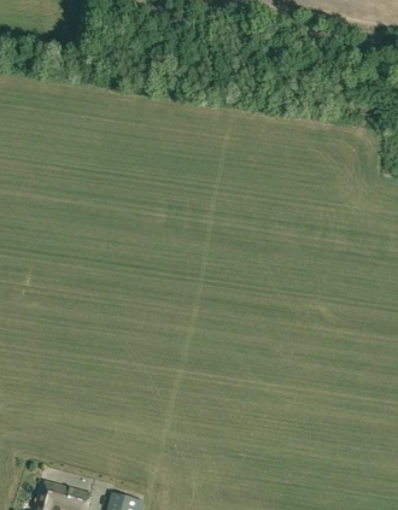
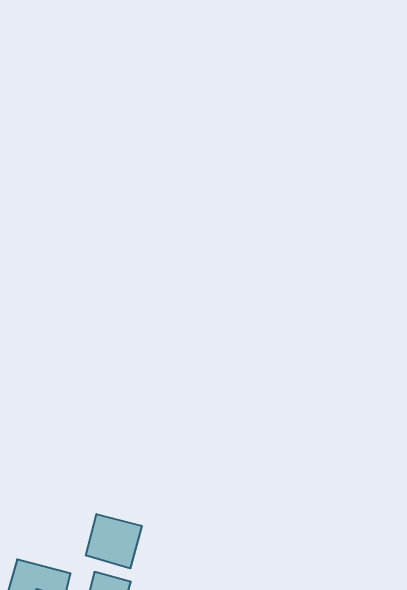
building: none -> [86,514,142,568]

